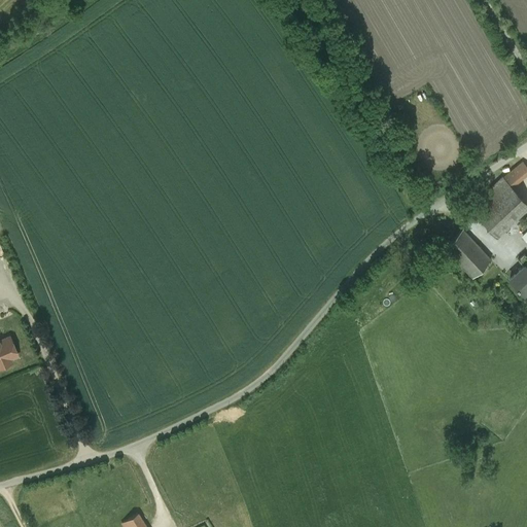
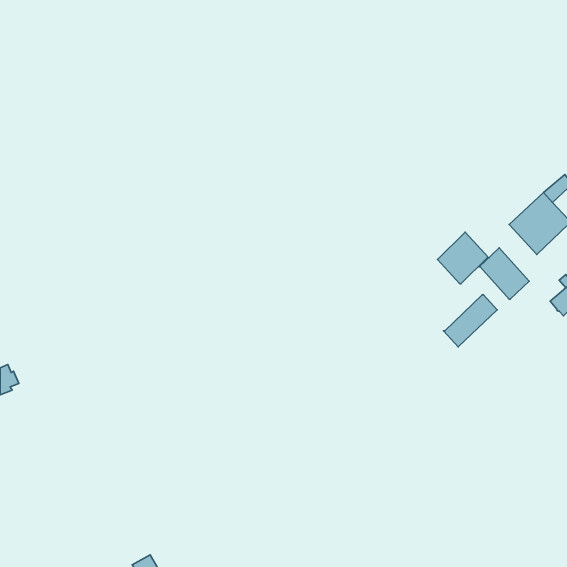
building: none -> [437,232,489,284]
building: none -> [444,295,497,347]

